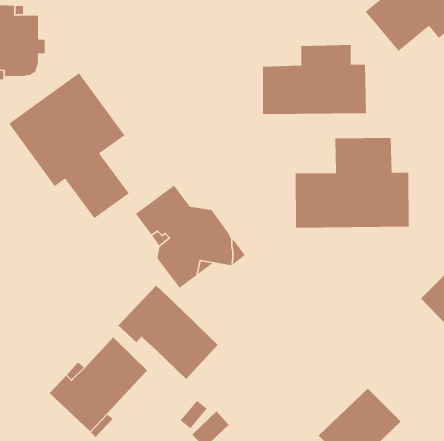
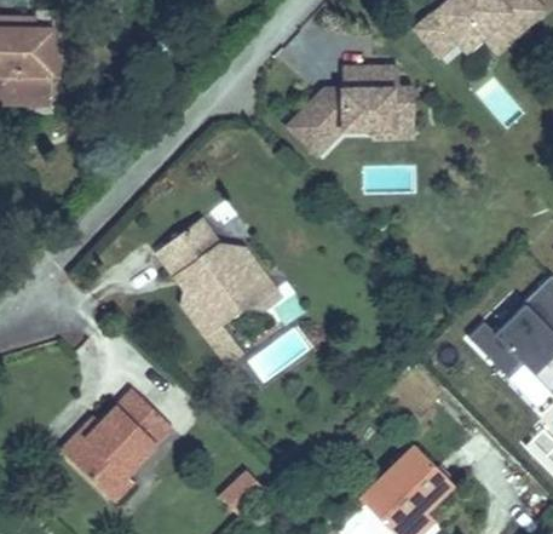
building: [8,72,130,219] -> none
building: [295,137,410,228] -> none
building: [118,285,218,380] -> none

